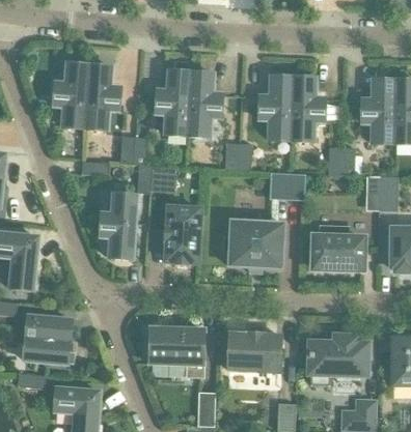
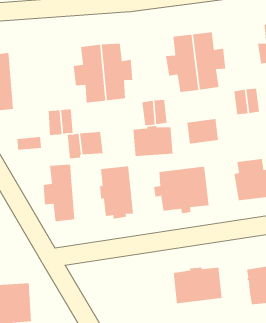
building: [84,63,119,128] -> none
building: none -> [132,125,174,157]
building: [145,327,203,374] -> none

